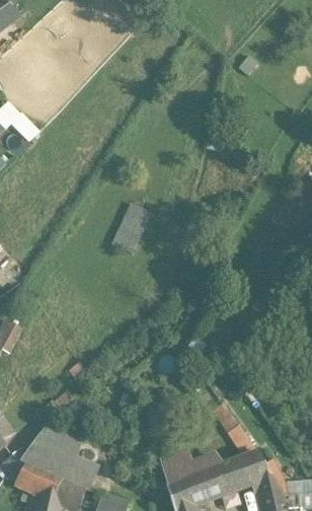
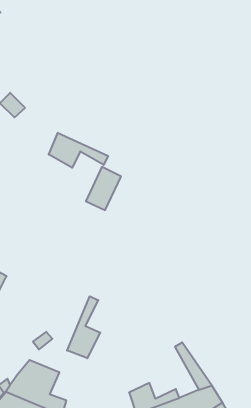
building: none -> [49,133,108,168]
building: none -> [67,296,100,358]

